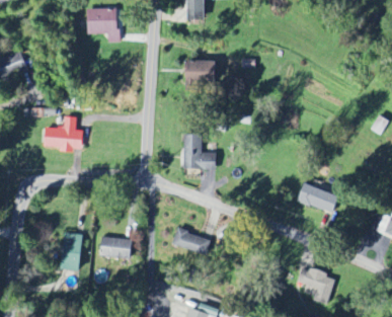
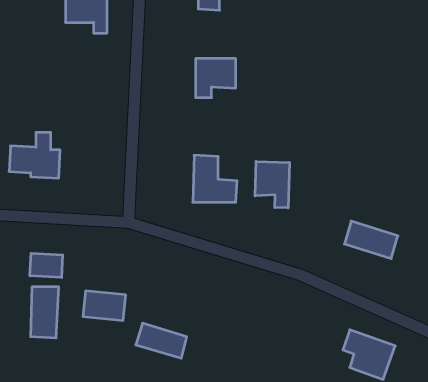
building: none -> [255,161,289,208]
building: none -> [30,253,63,278]
building: [171,228,210,254] -> [136,323,187,358]

